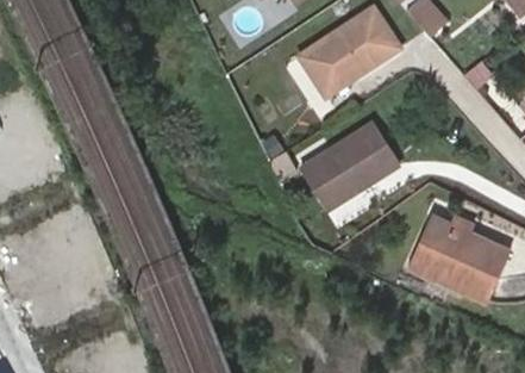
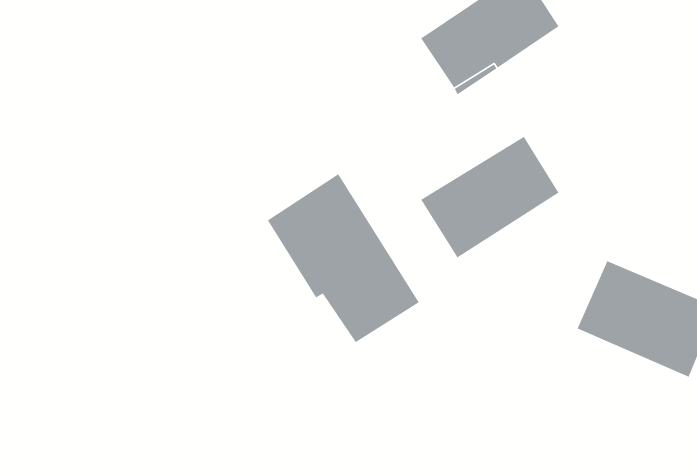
building: none -> [267,173,420,343]

